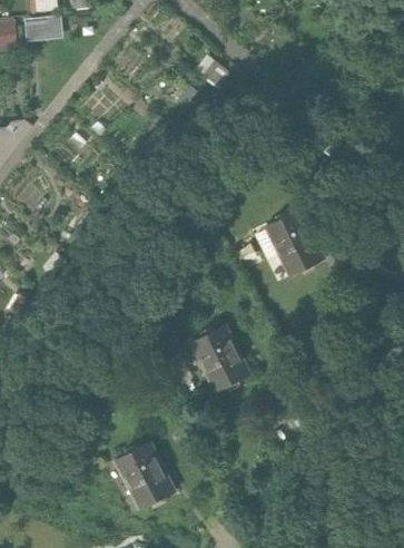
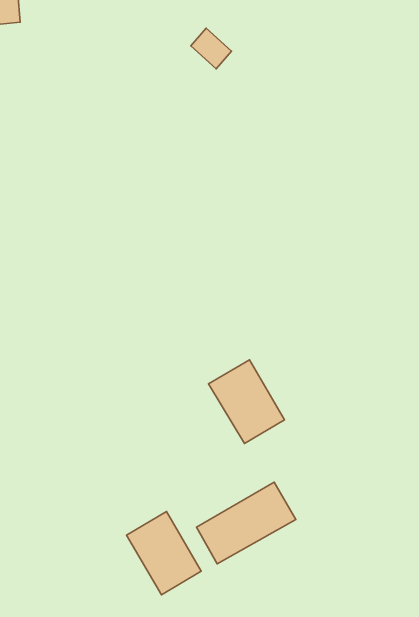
building: [266,209,325,276] -> none
building: none -> [196,482,296,564]

